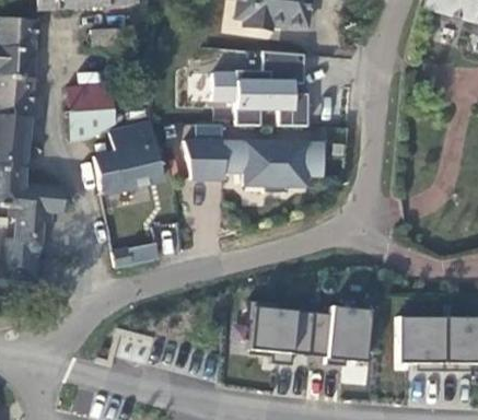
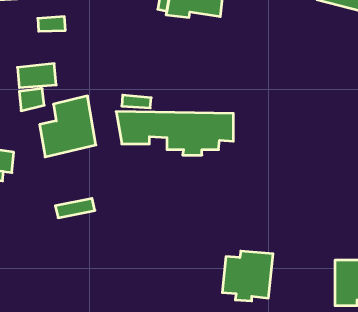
building: [213,50,307,125] -> none
building: [247,299,315,364] -> none
building: [398,316,444,370] -> none

